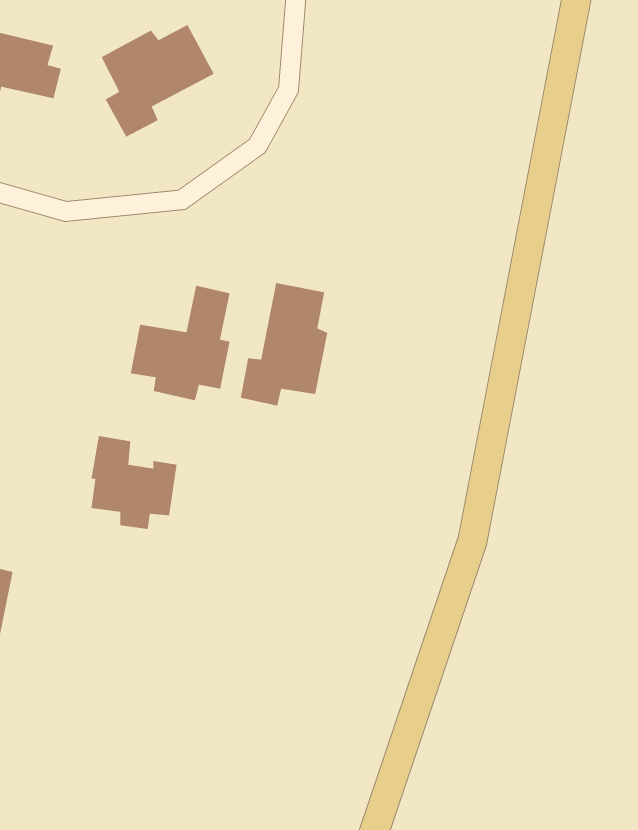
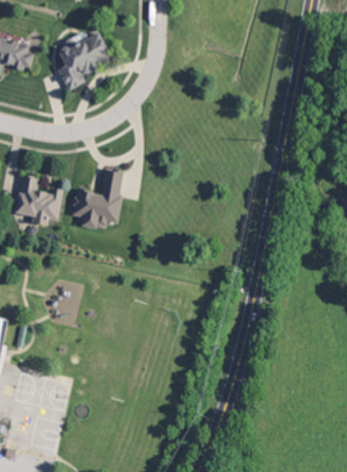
building: [240,282,328,406] -> none
building: [90,435,178,530] -> [17,175,63,225]

